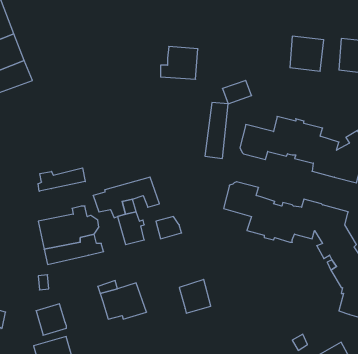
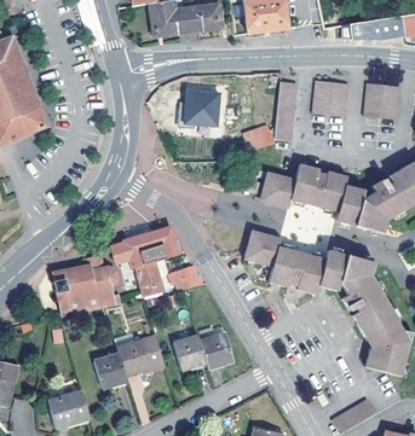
building: [205,103,228,158] -> [275,82,299,140]
building: [38,168,85,191] -> none
building: none -> [173,336,206,370]
building: [36,304,66,335] -> [96,354,127,386]

